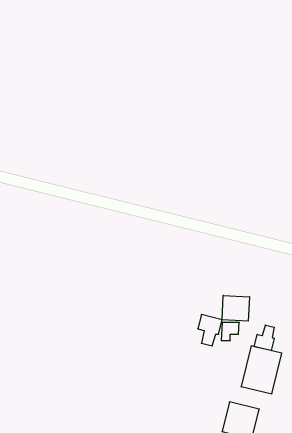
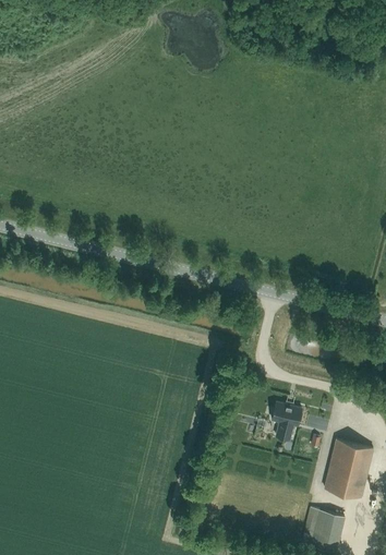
building: [222,295,249,321] -> none
building: [254,325,274,351] -> none

